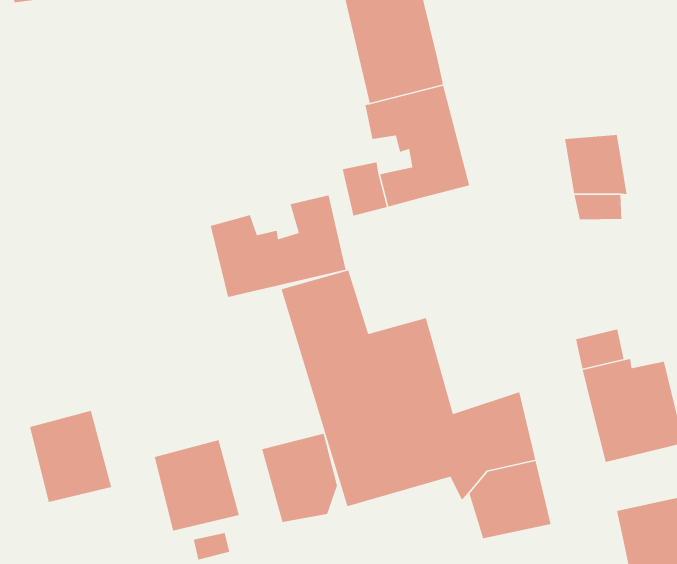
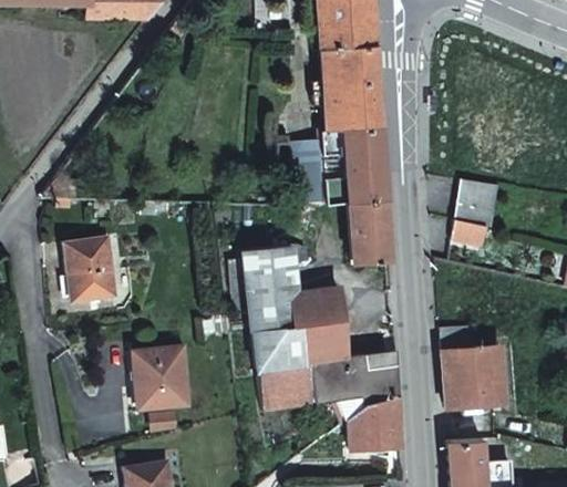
building: none -> [350,199,391,262]
building: [209,194,347,298] -> none
building: [29,410,112,503] -> [64,239,115,299]
building: [261,433,338,523] -> none

